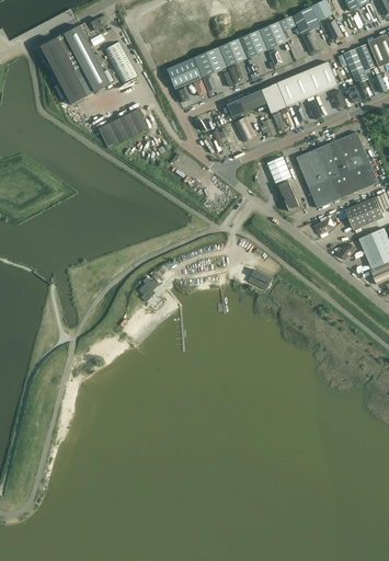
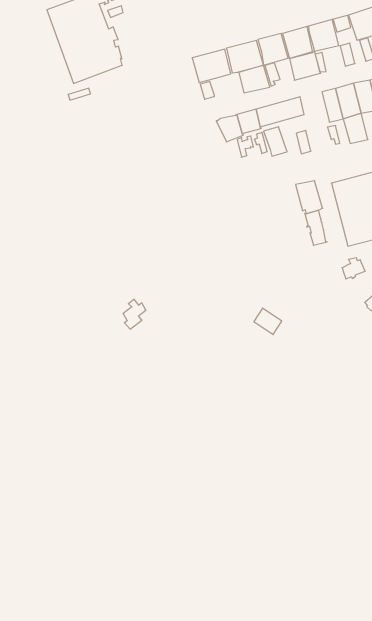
building: [105,42,137,82] -> none
building: [261,82,288,113] -> none
building: [99,108,148,148] -> none

